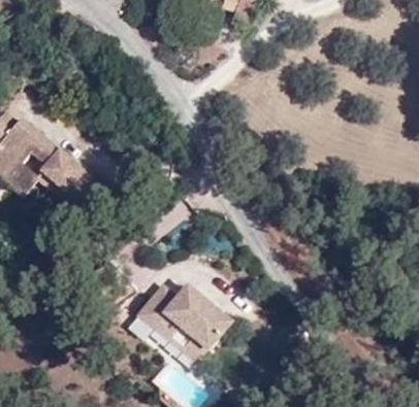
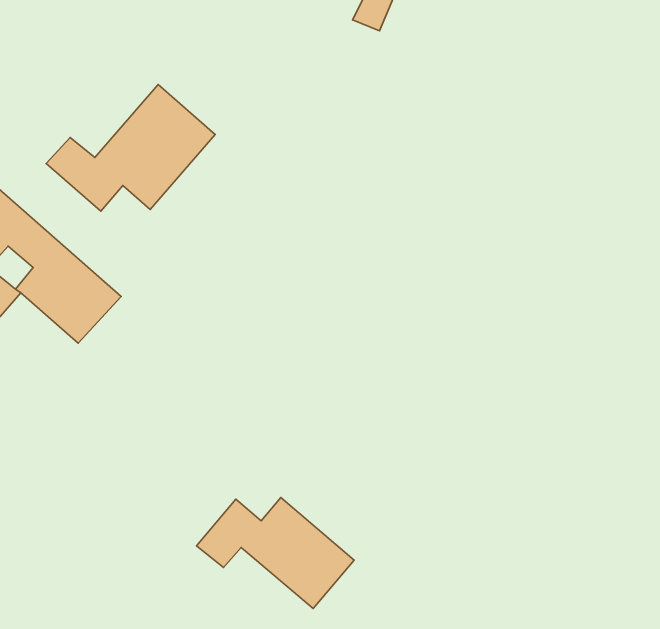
building: none -> [46,85,215,211]

